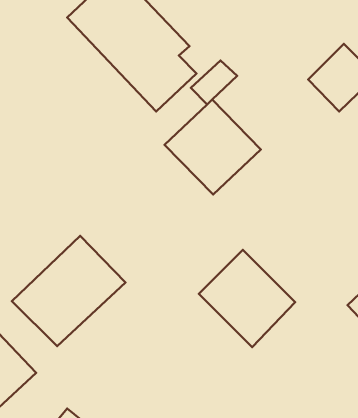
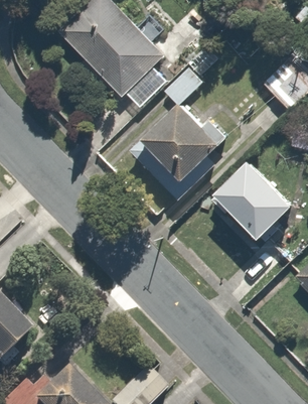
building: [12,236,125,346] -> none
building: [199,250,295,347] -> [215,158,297,241]

